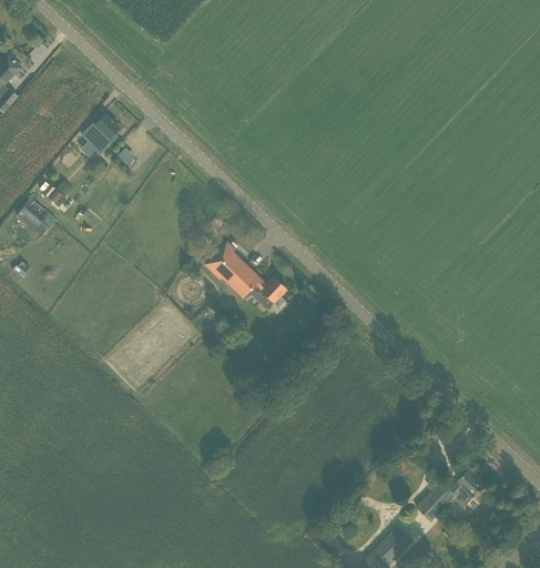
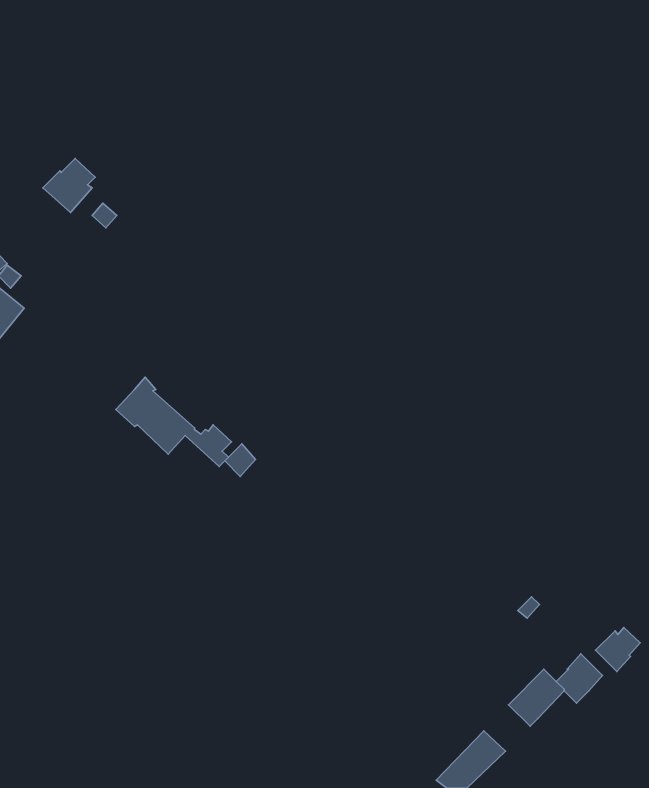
building: [205,243,288,307] -> [116,377,232,466]
building: none -> [595,627,640,672]

